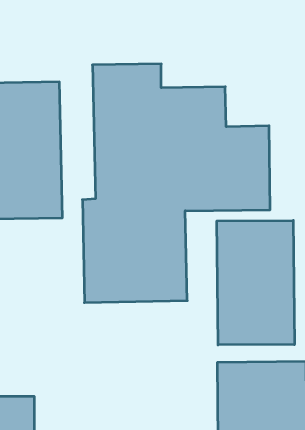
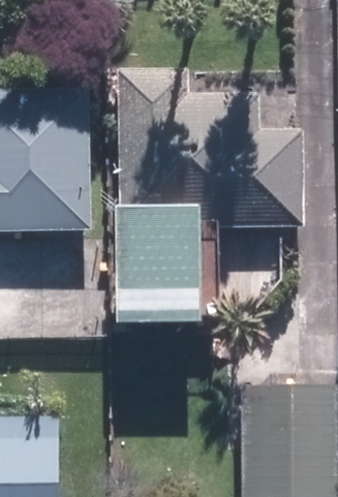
building: [217,220,294,345] -> none

